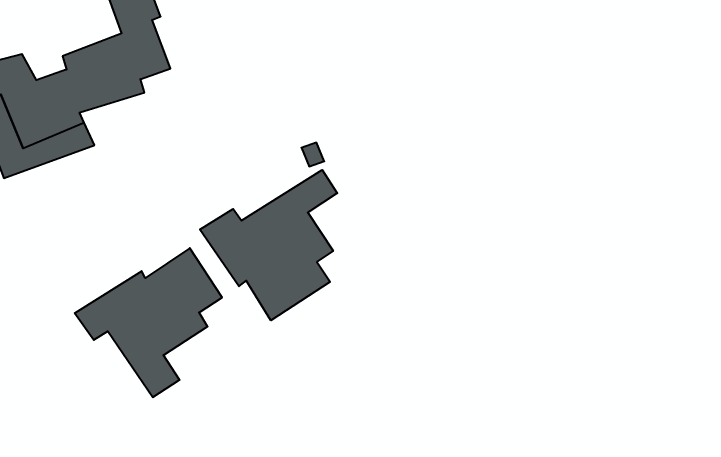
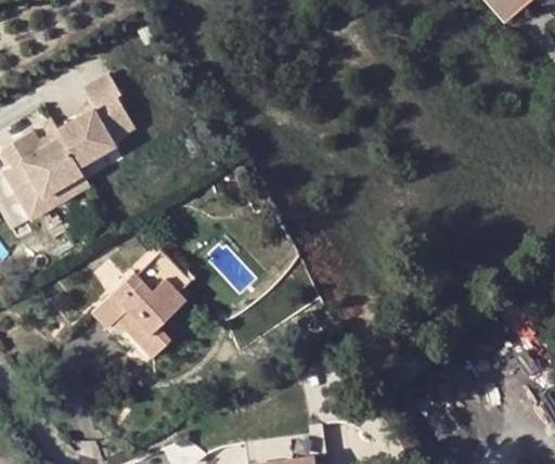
building: [200,170,337,320] -> none

